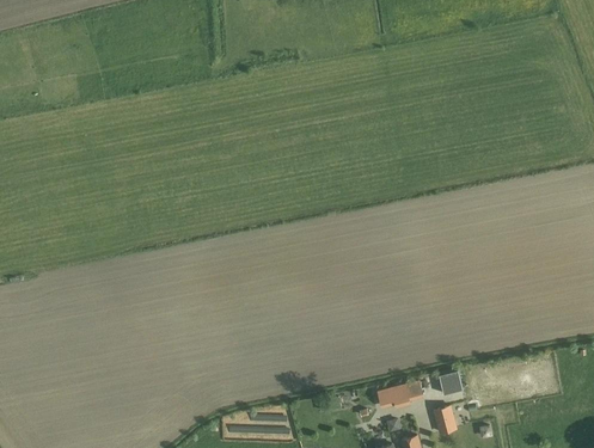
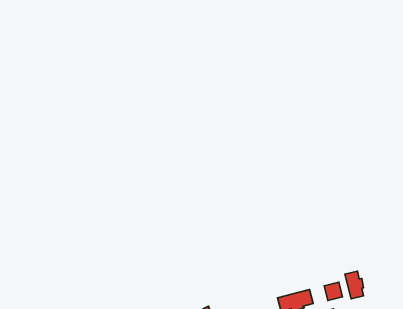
building: none -> [345,271,364,299]

